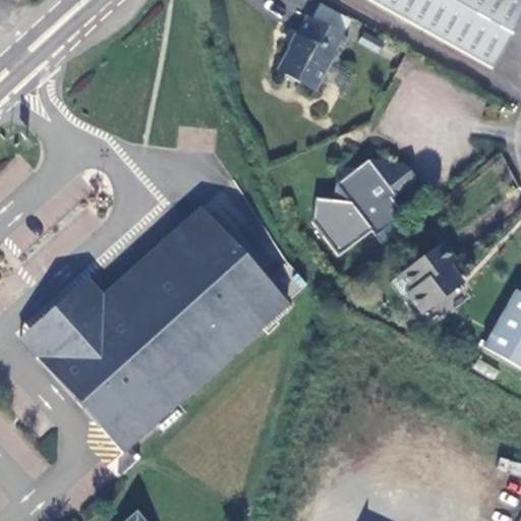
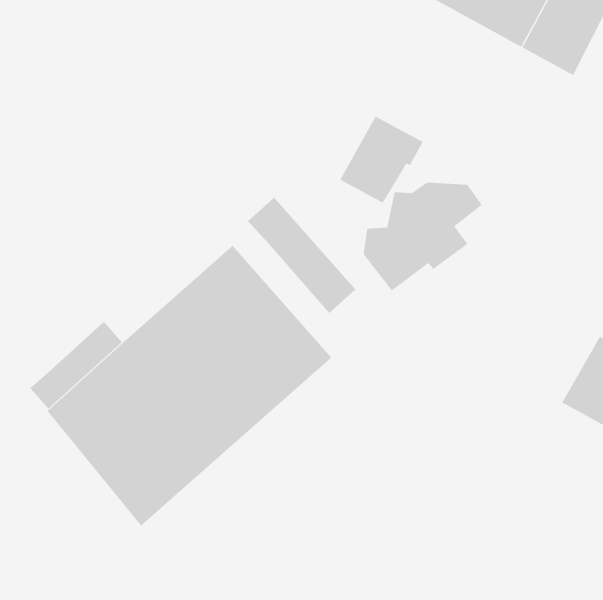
building: [277,13,349,89] -> [340,116,423,203]
building: none -> [247,197,356,314]
building: [392,241,463,309] -> none

